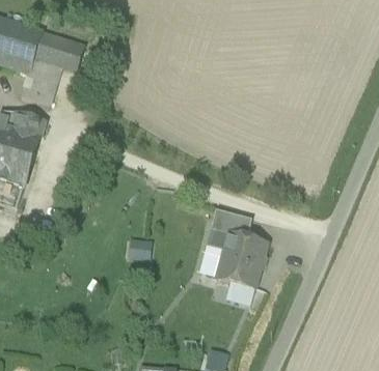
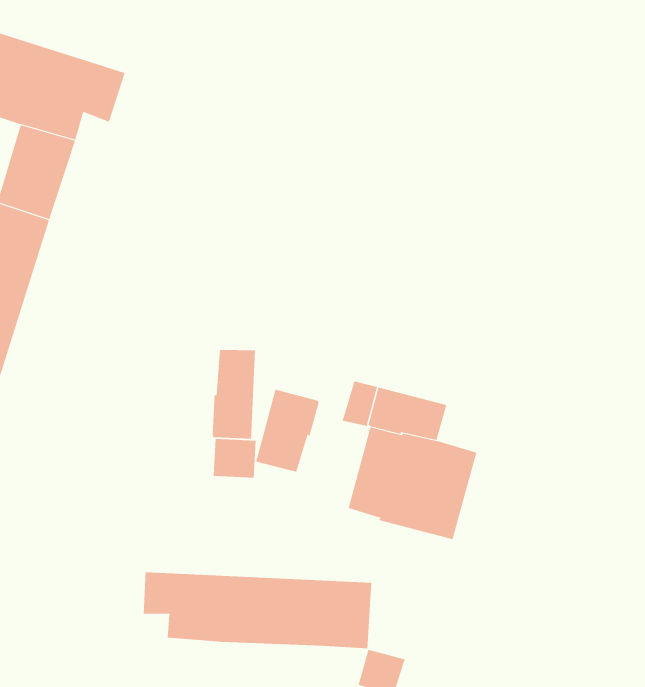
building: none -> [212,349,256,439]
building: none -> [255,389,319,472]
building: none -> [143,571,372,649]

